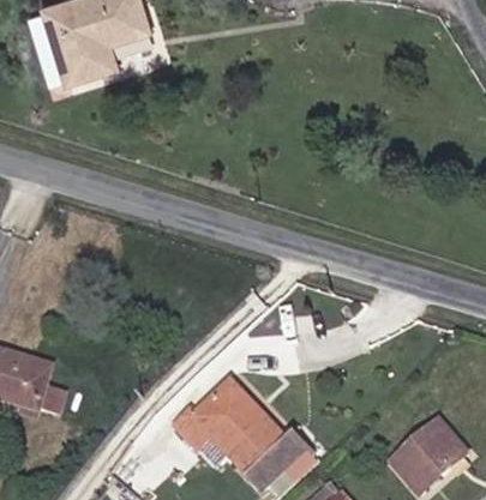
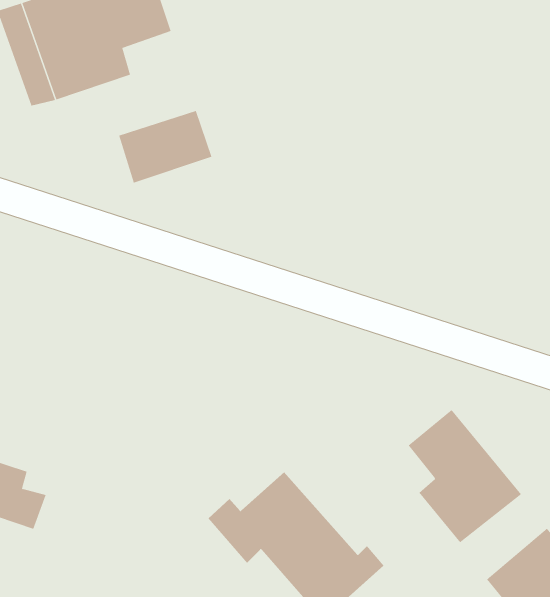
building: none -> [118,110,212,184]
building: none -> [408,409,522,543]

